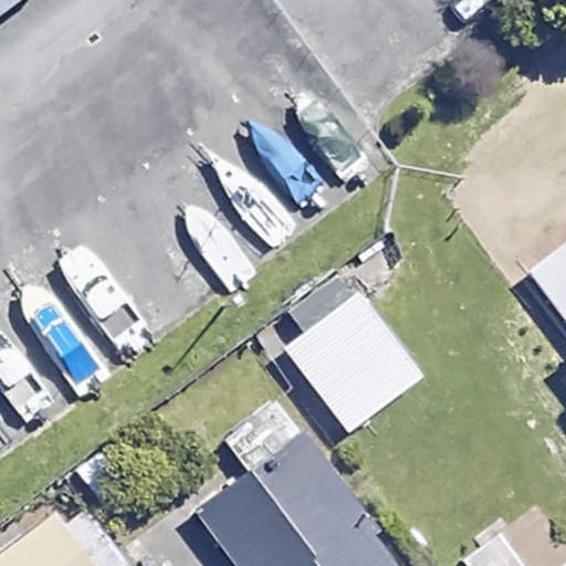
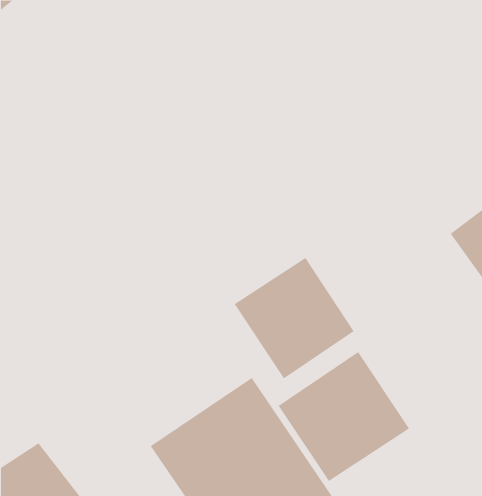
building: none -> [278,351,410,482]

